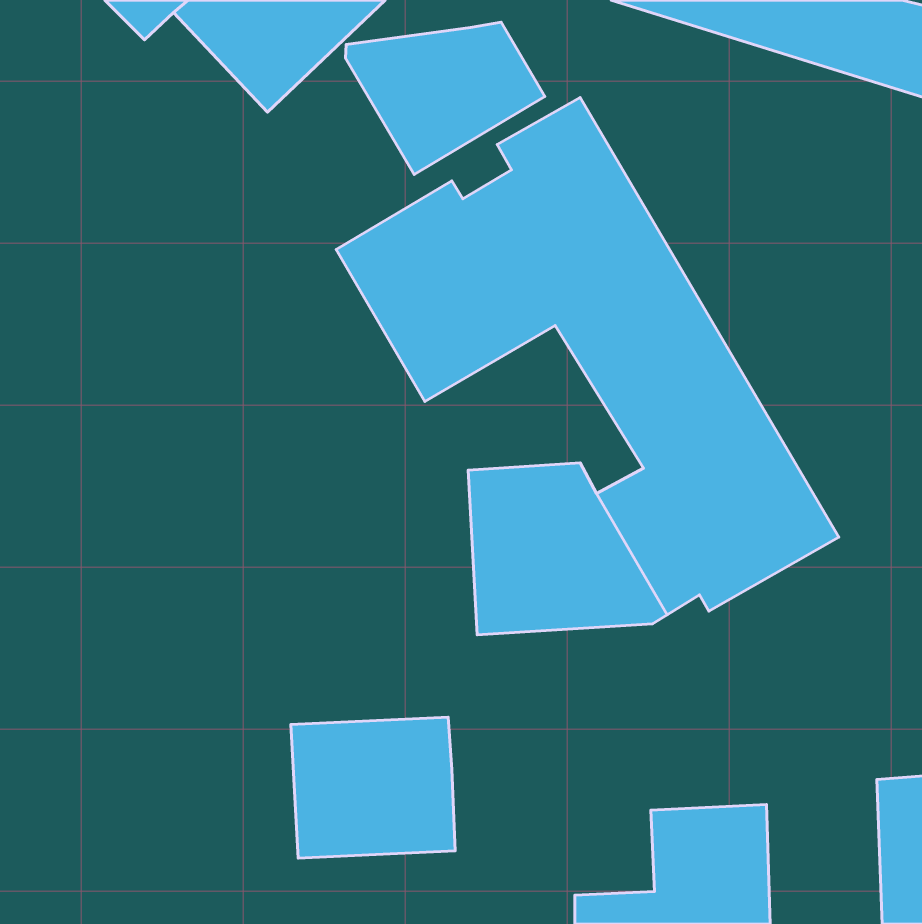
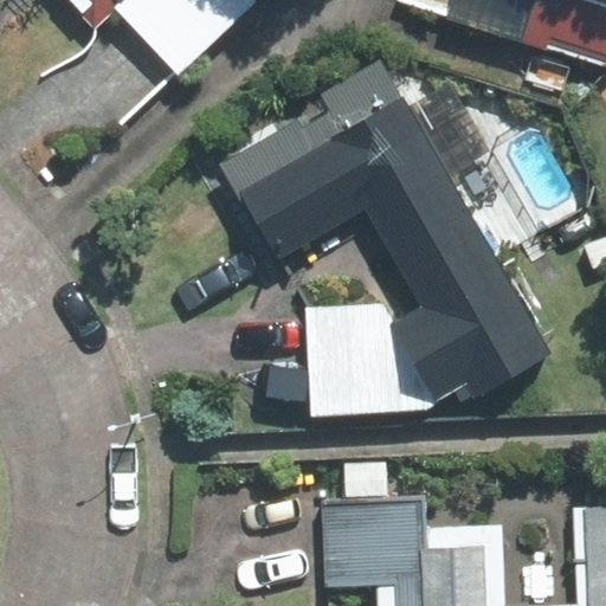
building: [346,22,545,175] -> none
building: [291,717,455,858] -> [322,496,430,588]

